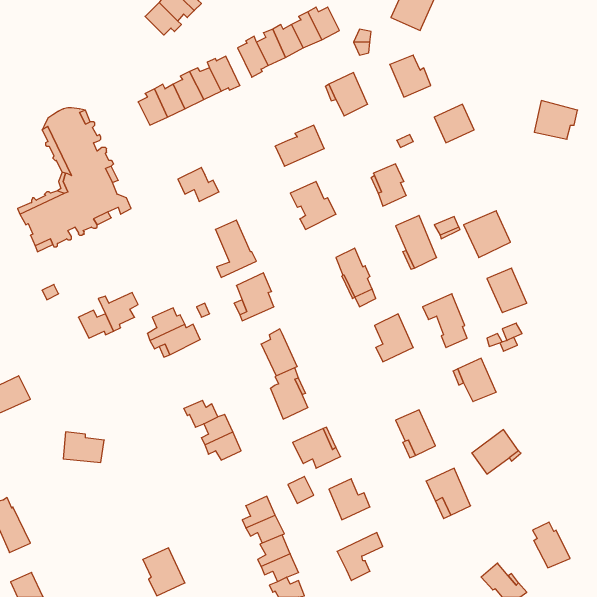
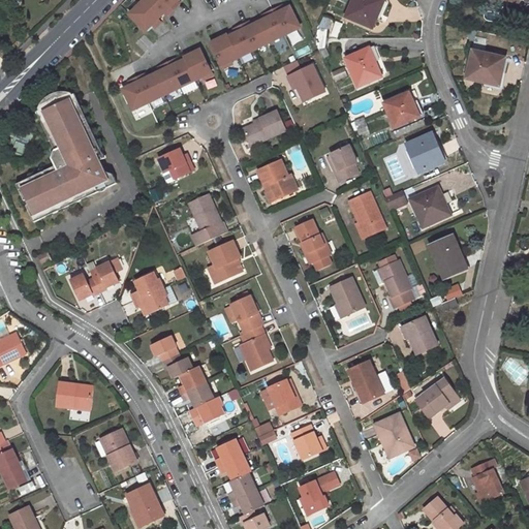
building: [534,101,578,139] -> [466,50,504,84]
building: none -> [406,132,443,172]
building: none -> [151,335,179,361]
building: none -> [188,396,224,422]
building: none -> [100,430,135,470]

